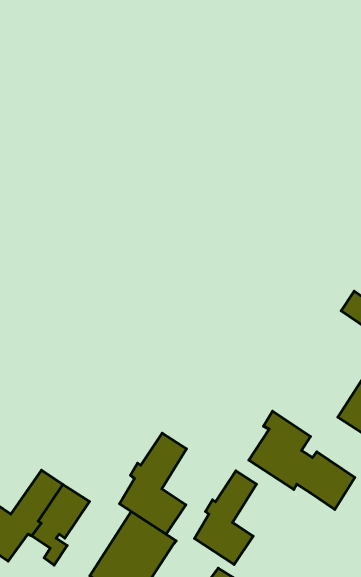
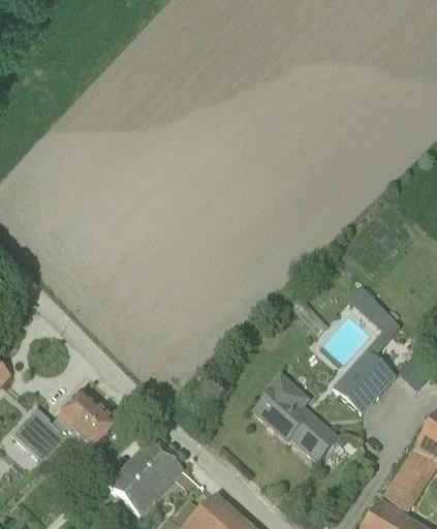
building: [119,433,187,534] -> none
building: [194,471,256,564] -> none

